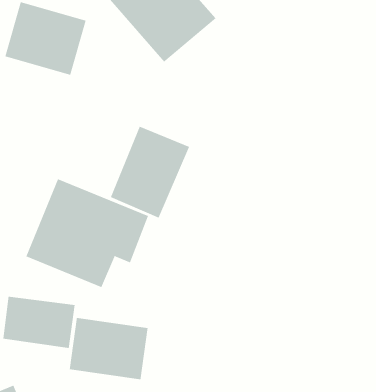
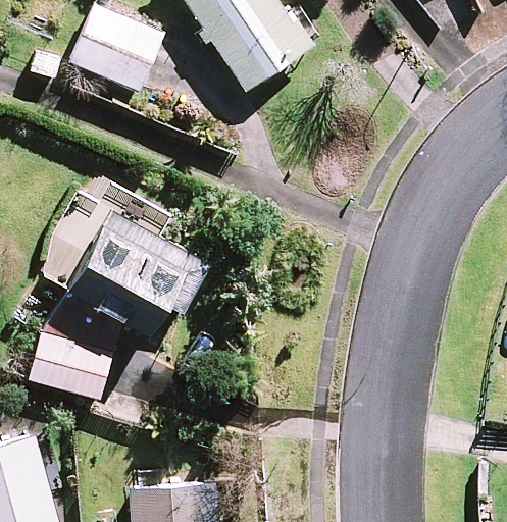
building: [110,126,190,218] -> none
building: [69,317,148,380] -> none

